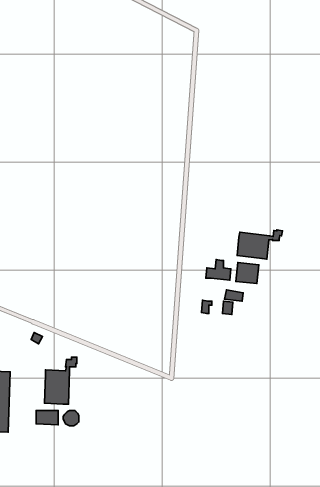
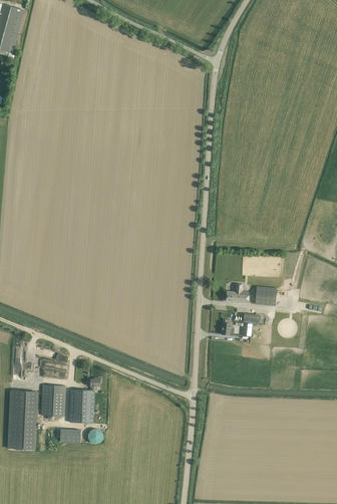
building: [237,230,282,259] -> none
building: none -> [41,385,64,416]

